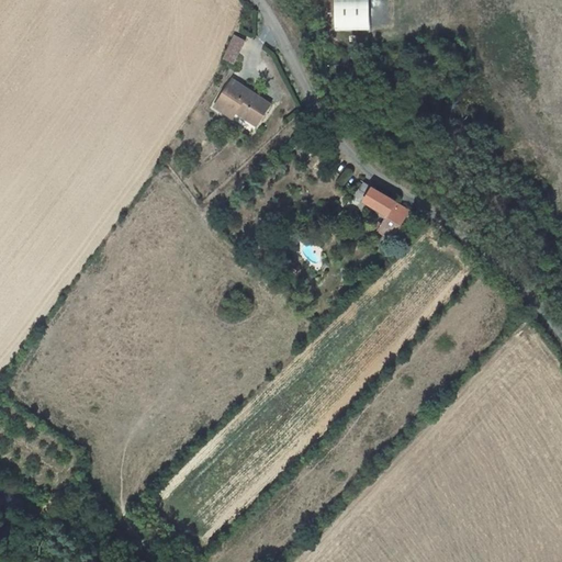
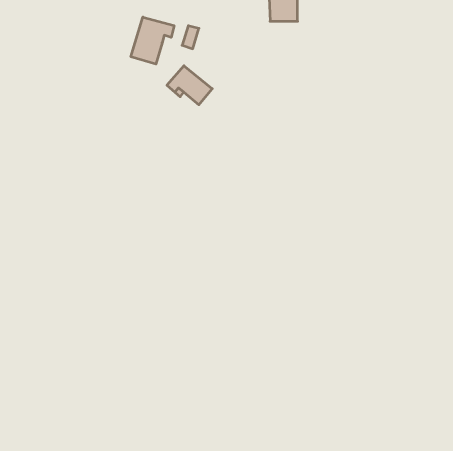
building: none -> [131,17,174,64]
building: [363,186,409,236] -> none

